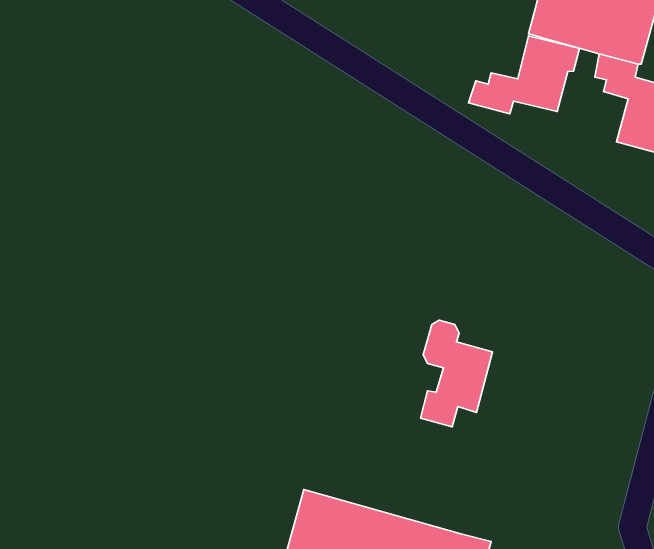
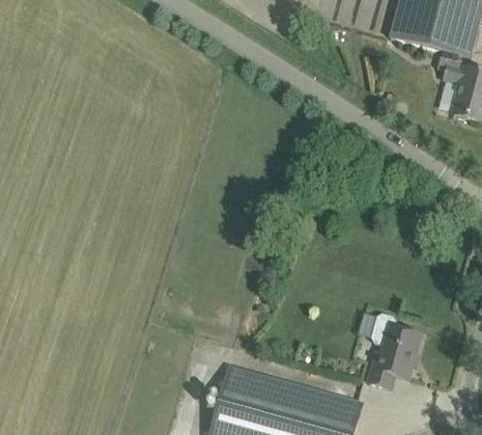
building: [468,36,580,114] -> none
building: [420,320,492,427] -> [368,311,420,388]

